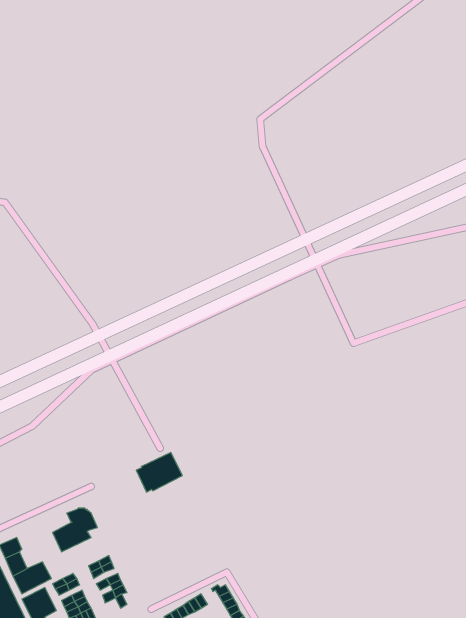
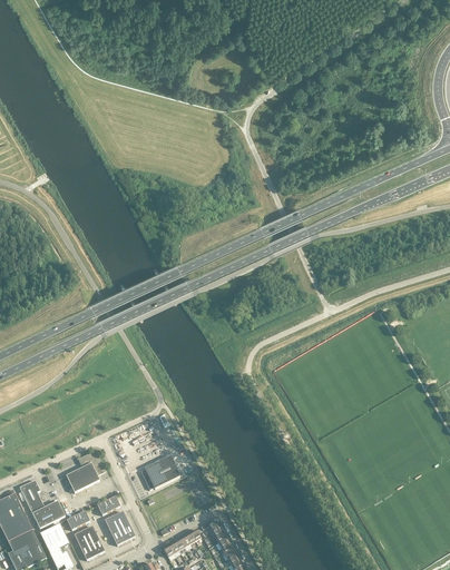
building: [136,452,182,492] -> [139,454,179,489]

